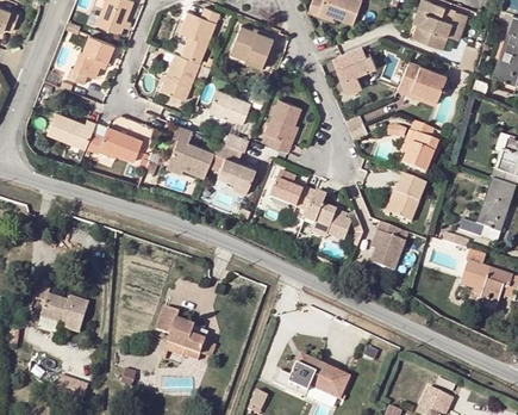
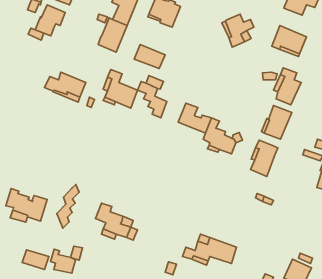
building: [261,98,300,151] -> none
building: [46,114,95,149] -> none
building: none -> [57,185,79,228]
building: none -> [50,249,76,273]

